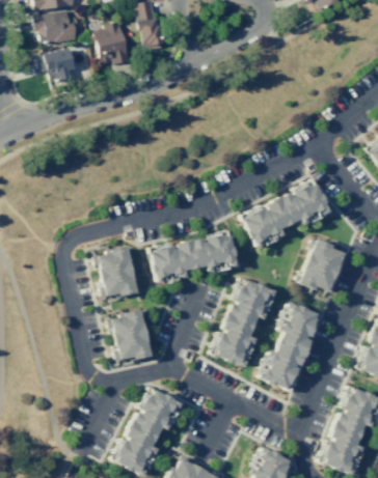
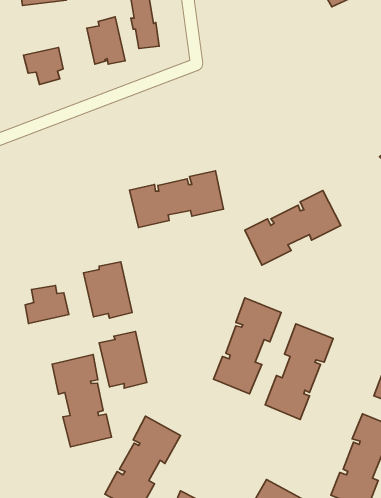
building: [35,10,81,43] -> none
building: [151,230,237,282] -> [130,171,223,227]
building: [299,237,346,291] -> none
building: none -> [25,285,69,323]
building: none -> [52,355,111,447]

